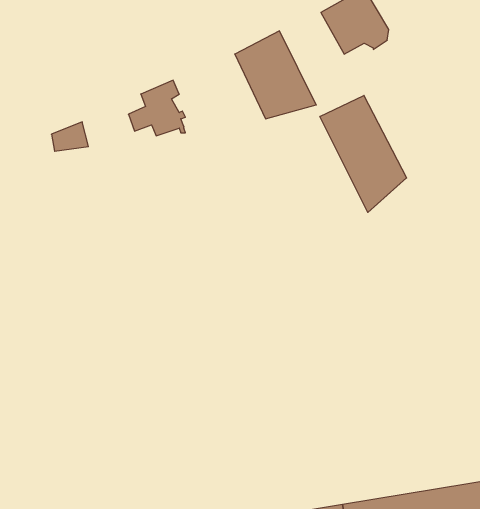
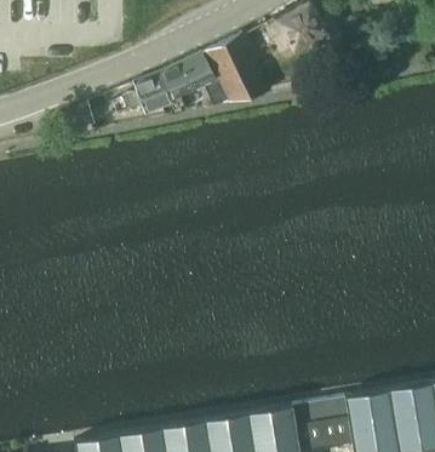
building: none -> [158,52,231,116]
building: [320,95,407,212] -> none

